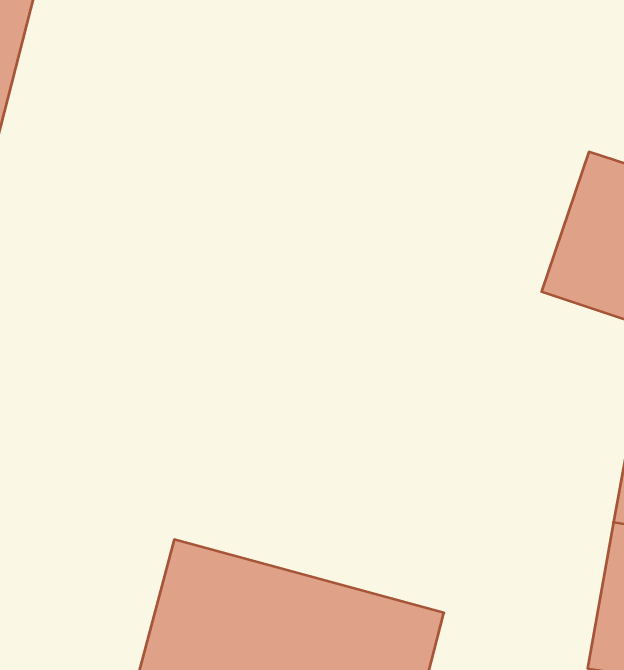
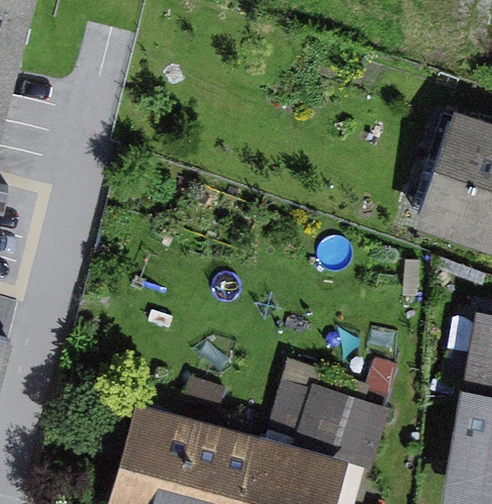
building: none -> [268,382,386,459]

